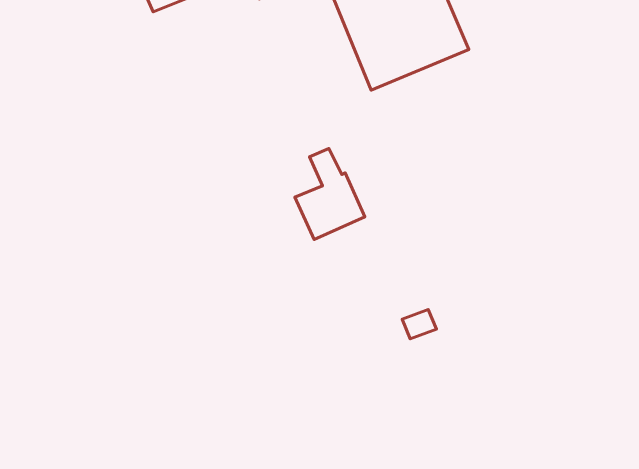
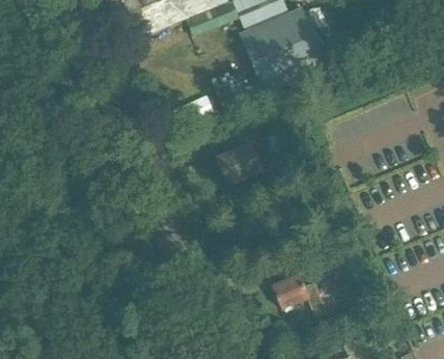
building: none -> [271,275,326,317]

